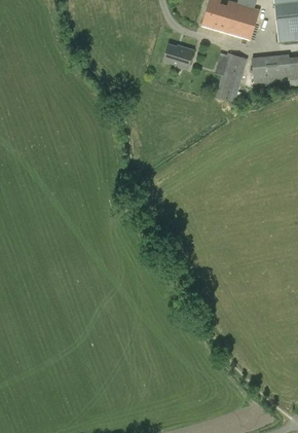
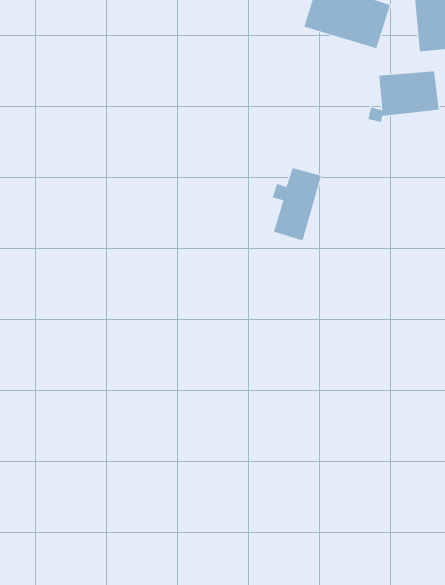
building: [164,44,193,69] -> none
building: [215,52,248,101] -> [272,168,322,241]

